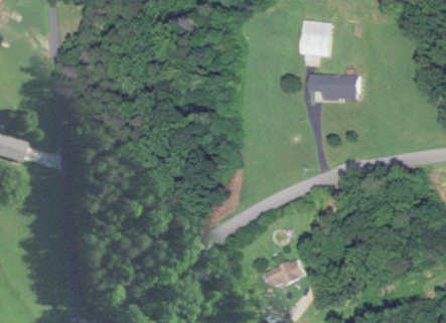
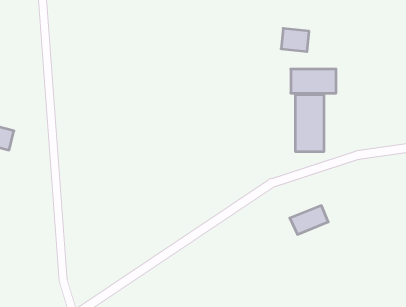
building: none -> [296,95,324,152]
building: [263,259,303,289] -> [290,206,328,234]

